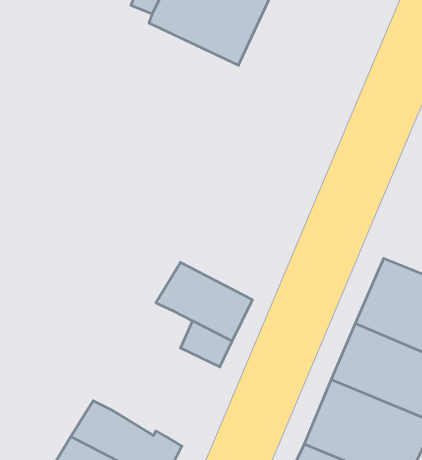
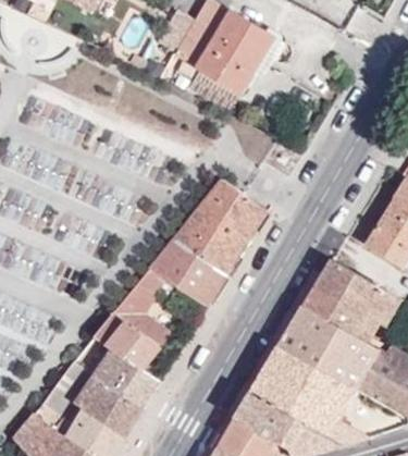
building: none -> [175,181,267,276]
building: none -> [95,269,171,372]

